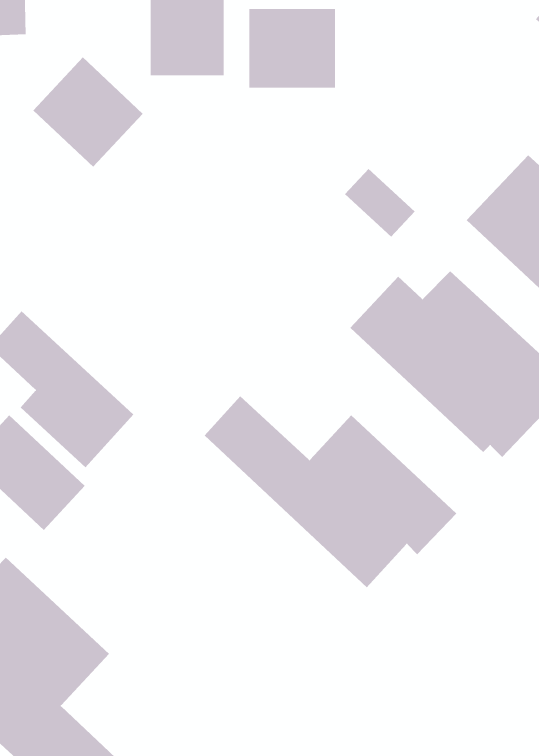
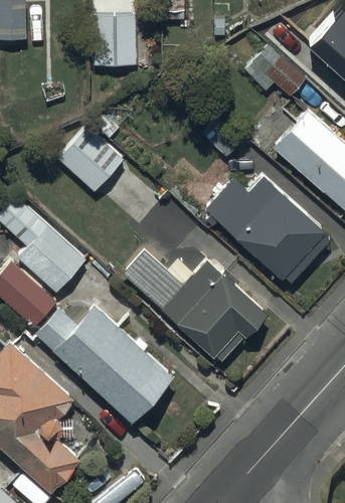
building: [248,8,336,89] -> none
building: none -> [247,45,308,95]
building: [32,57,144,168] -> [58,127,123,191]
building: none -> [37,306,169,422]

